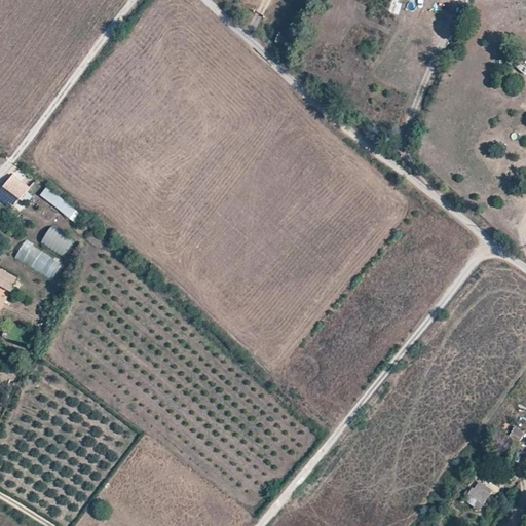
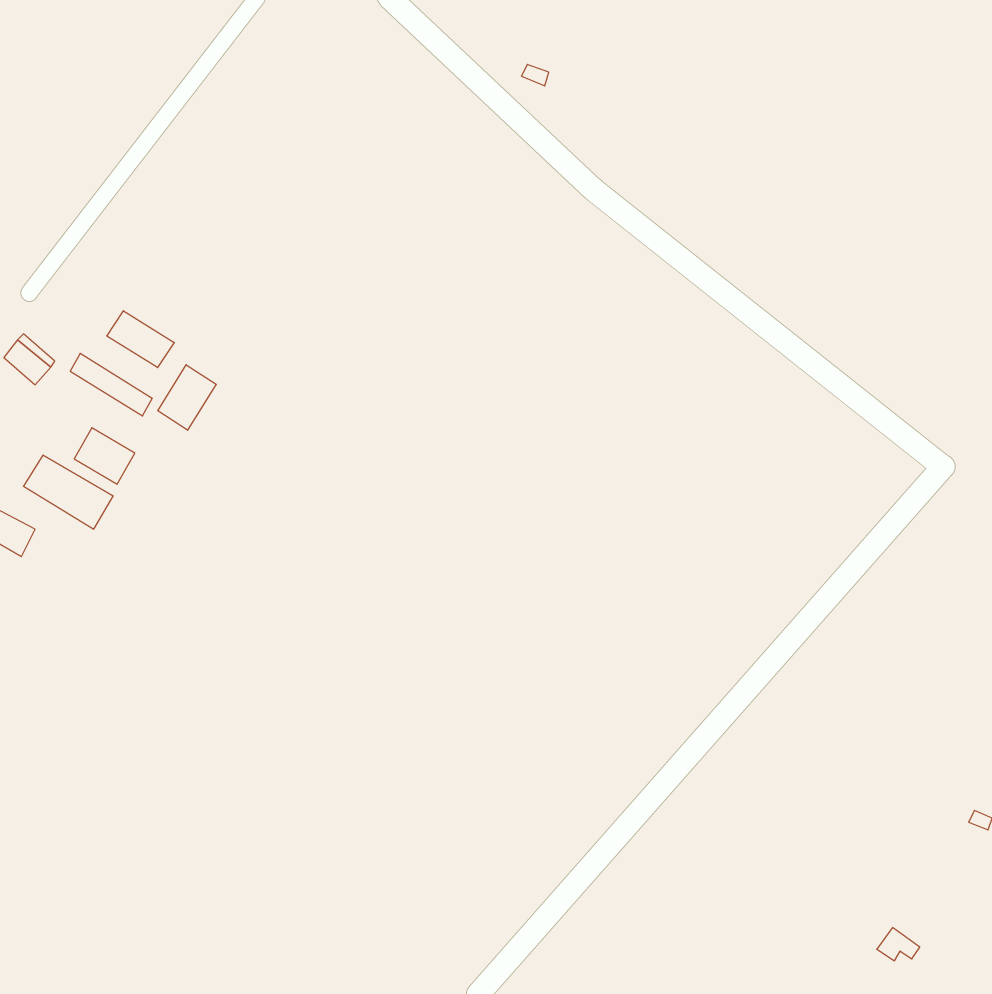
building: none -> [107,311,174,368]
building: none -> [158,365,216,430]

